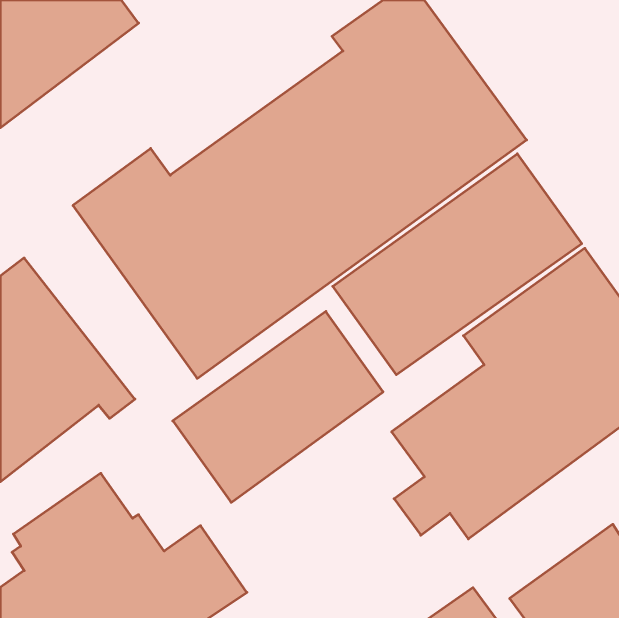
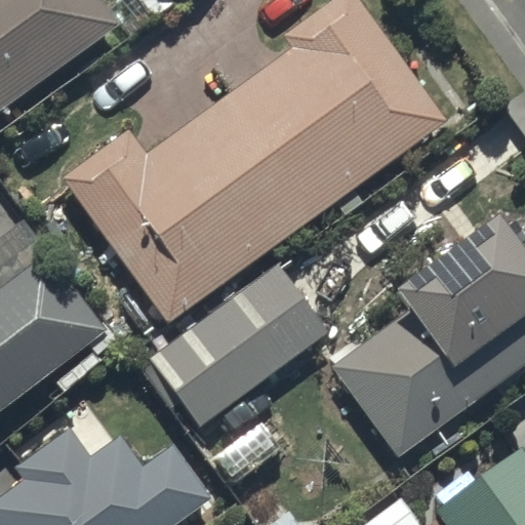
building: [333,154,582,375] -> none

